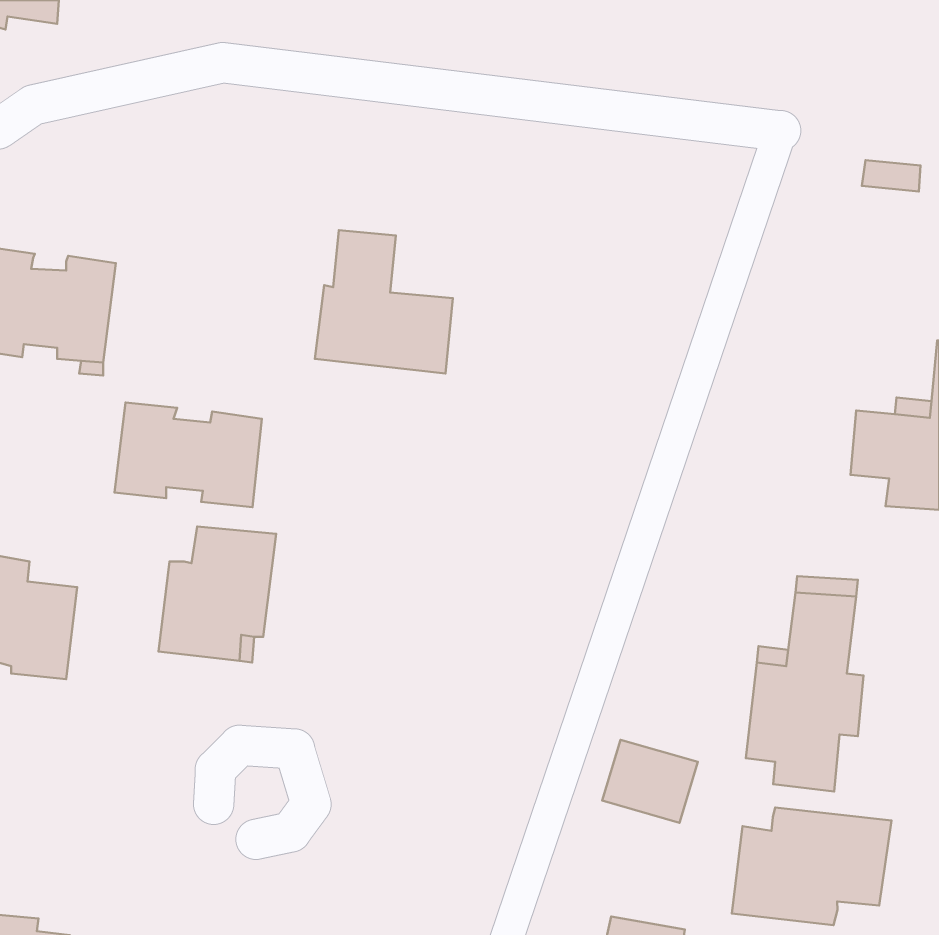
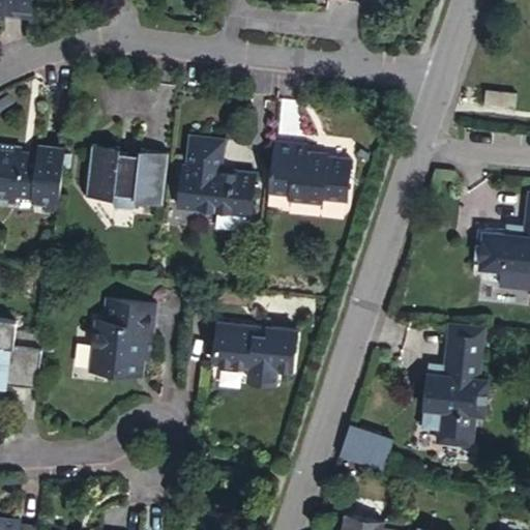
building: none -> [269,141,353,204]
building: [114,402,262,507] -> [86,146,169,205]
building: none -> [214,323,296,385]
building: [732,807,892,925] -> none

